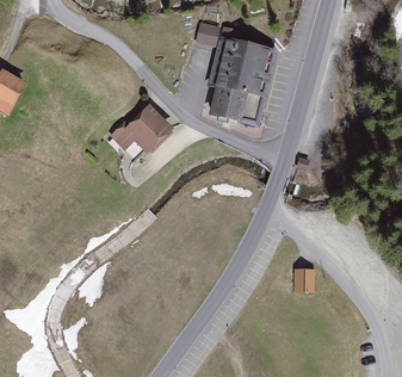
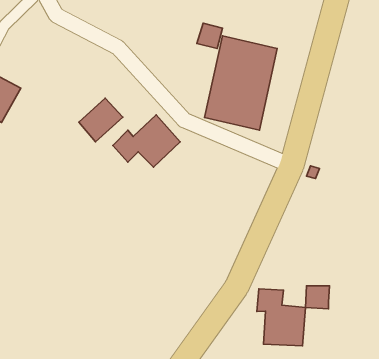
building: none -> [79,98,123,142]
building: none -> [257,289,305,346]

